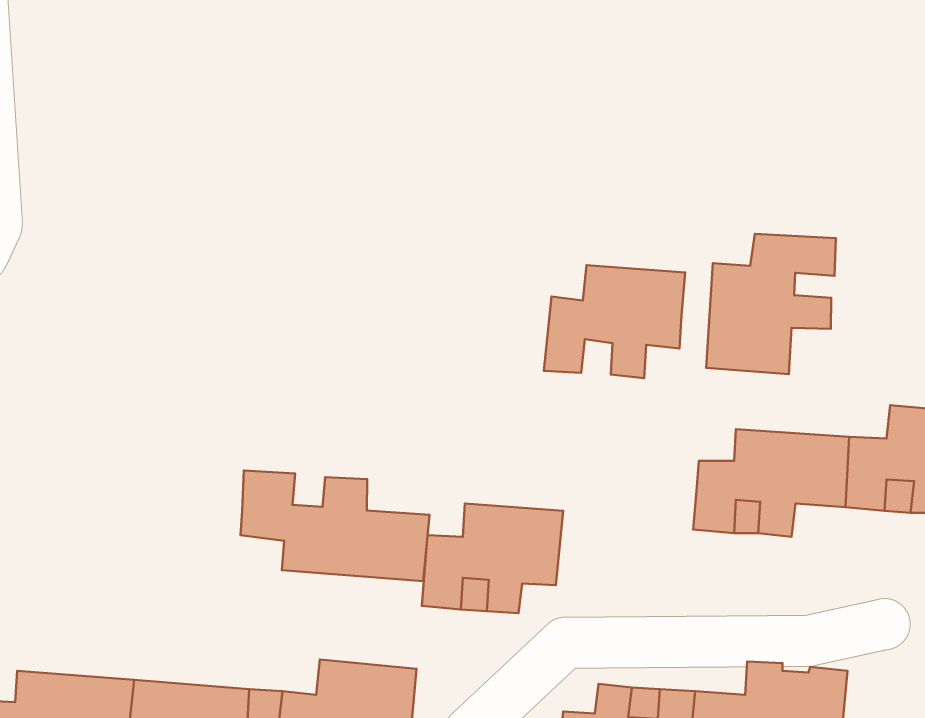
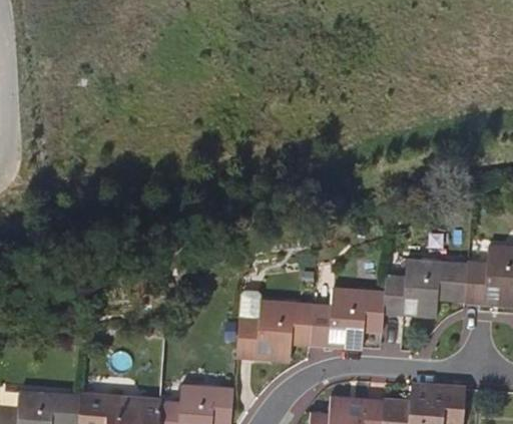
building: [706,234,836,374] -> none
building: [544,265,685,378] -> [310,287,386,348]
building: [240,471,429,581] -> none

